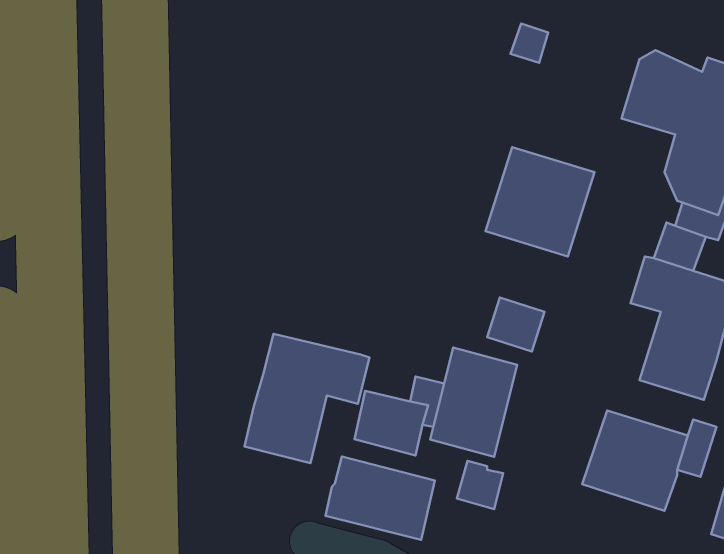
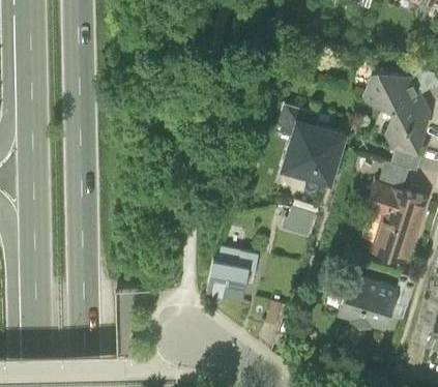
building: [244,334,369,463] -> none
building: [430,348,517,457] -> none
building: [326,456,435,540] -> none

